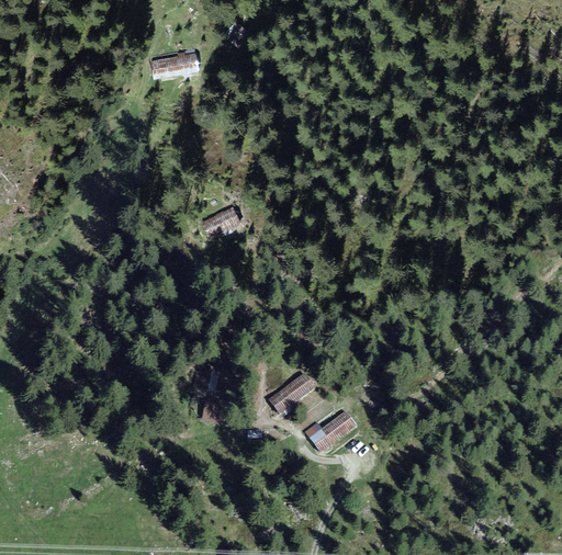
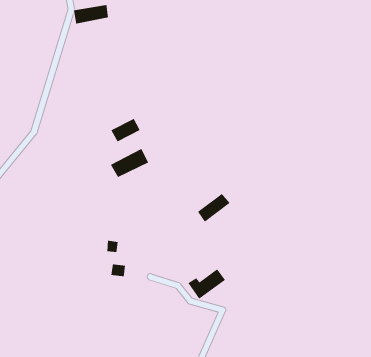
building: none -> [110,148,149,178]
building: [270,373,315,412] -> [197,193,230,222]

